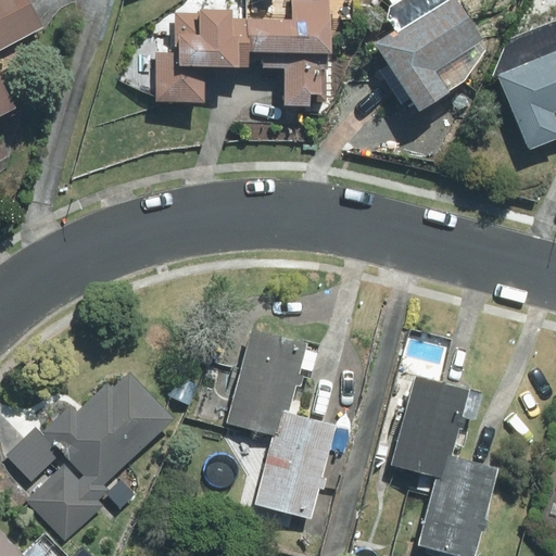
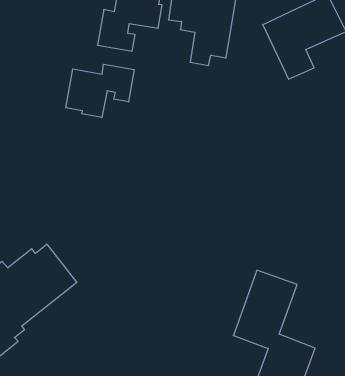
building: none -> [66,64,134,118]
building: [219,328,332,517] -> none

